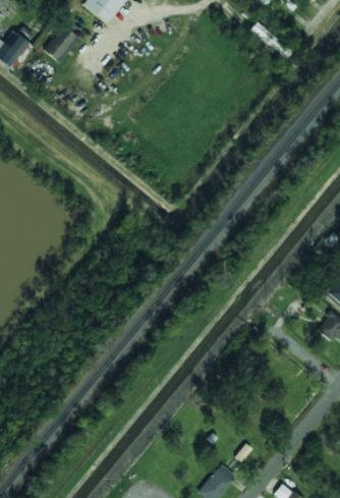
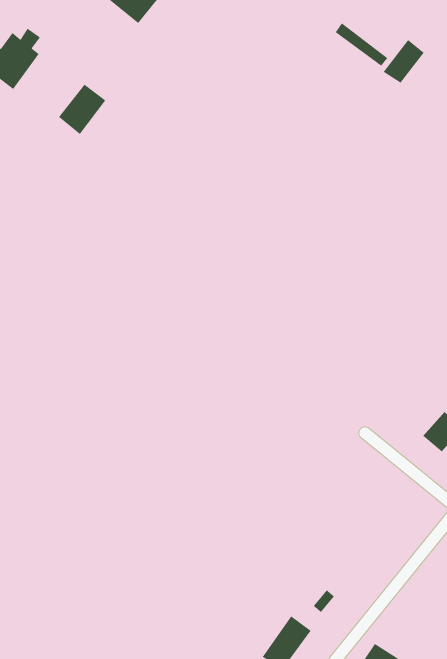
building: [45,25,80,63] -> [58,84,106,135]
building: none -> [383,39,424,83]

